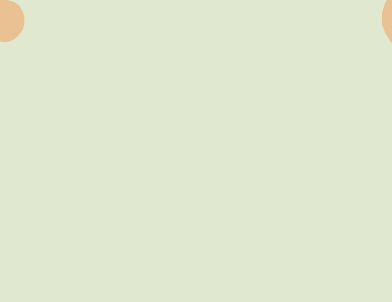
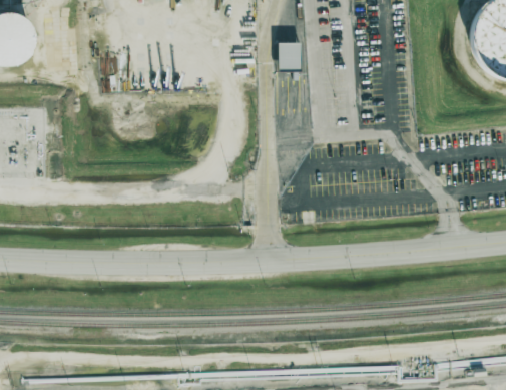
building: none -> [278,42,300,69]

